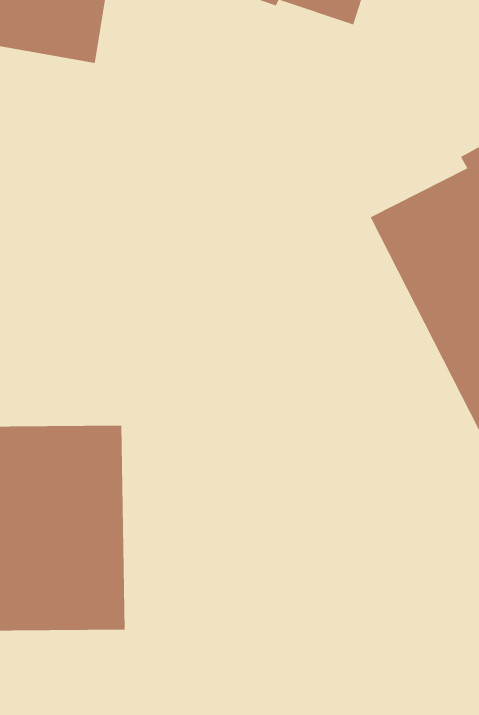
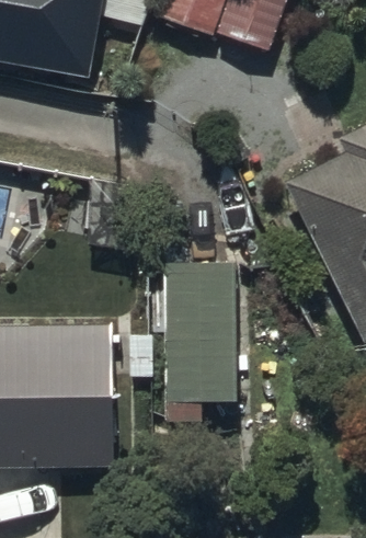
building: none -> [165,260,239,399]

